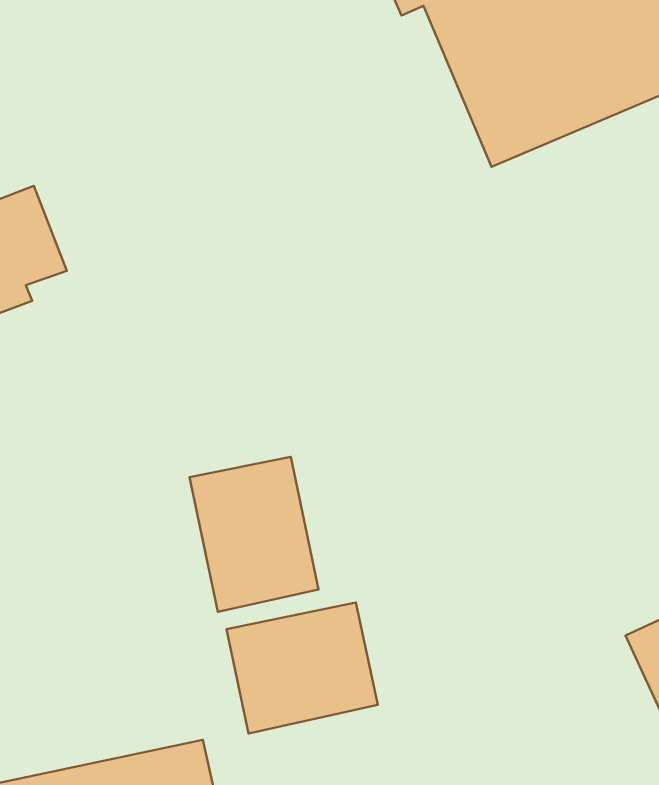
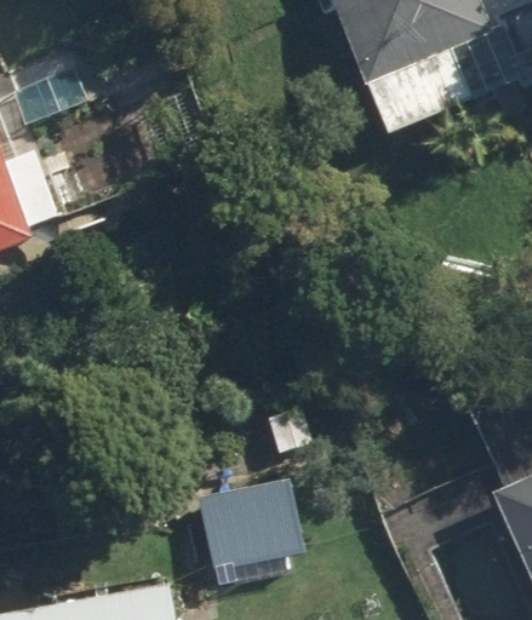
building: [189,457,319,612] -> none

